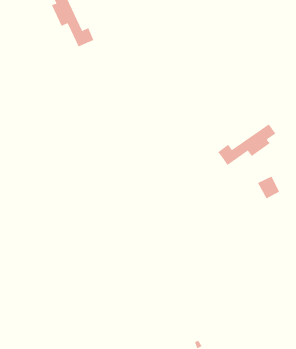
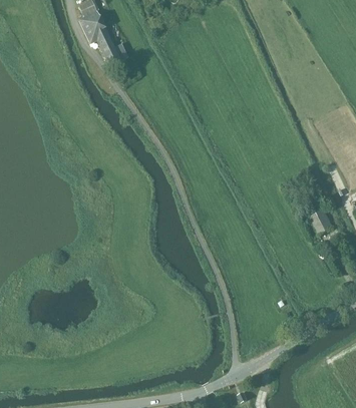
building: [217,124,276,166] -> none

